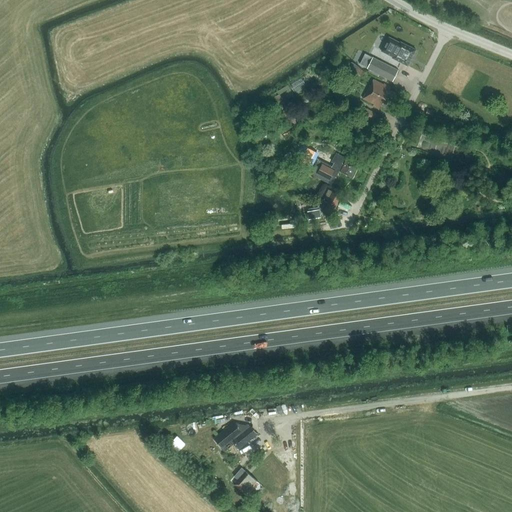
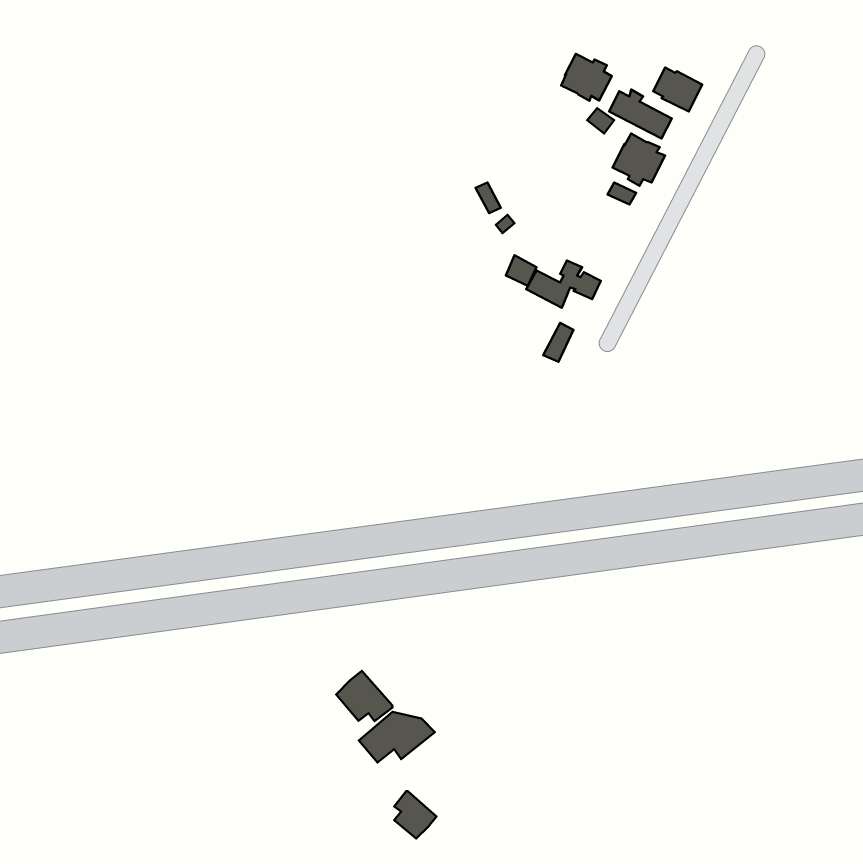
building: none -> [561,54,612,101]
building: none -> [336,671,392,721]

